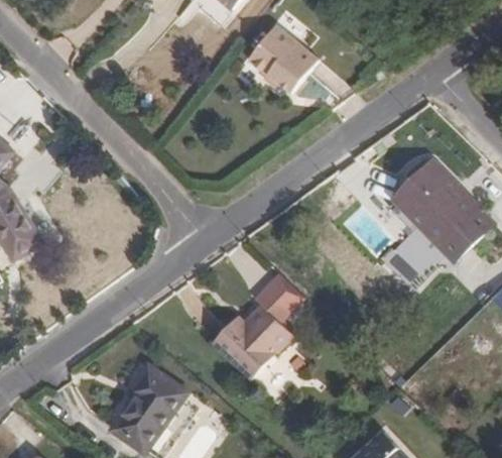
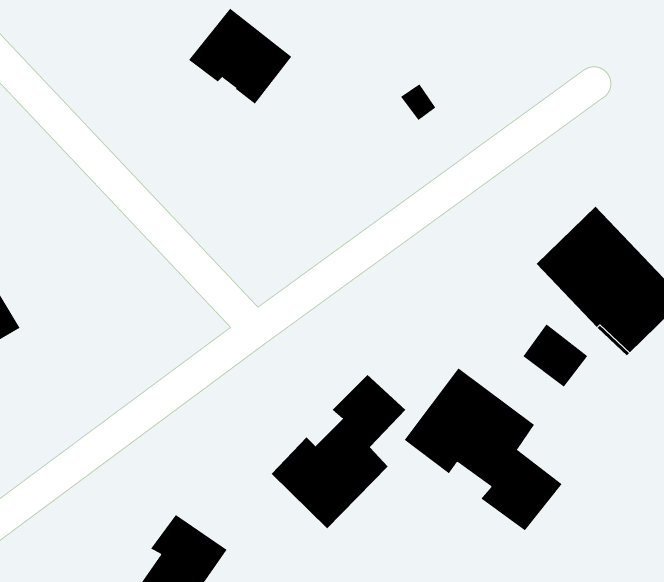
building: [246,25,317,91] -> [188,8,292,105]
building: none -> [404,367,563,531]

